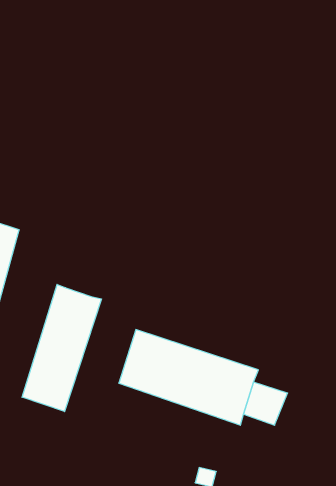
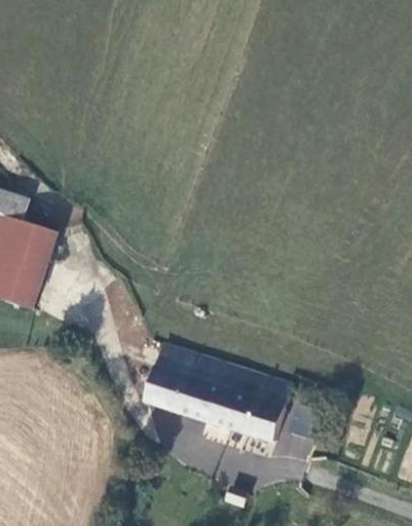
building: [22,284,101,412] -> none

